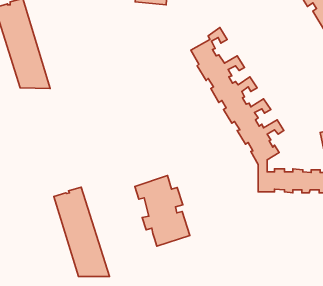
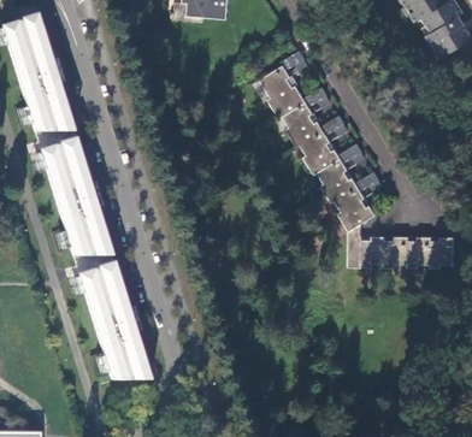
building: none -> [41,136,113,255]
building: [135,175,190,246] -> none

